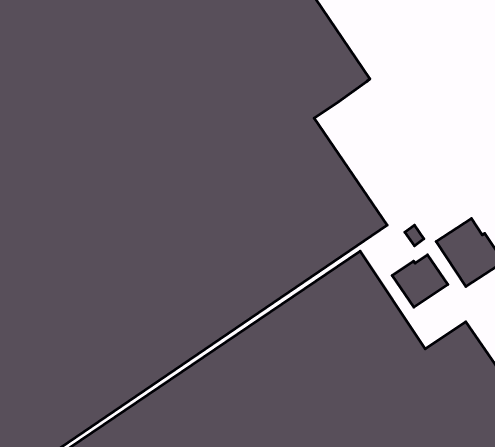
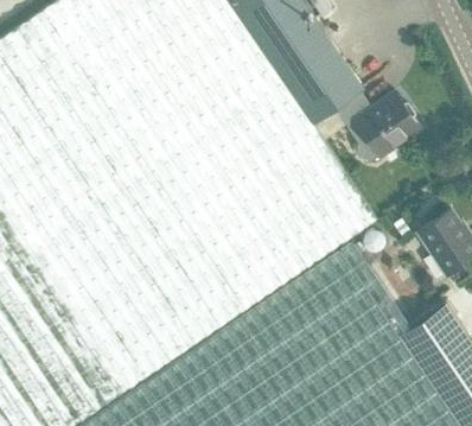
building: none -> [334,90,419,160]
building: [392,255,448,307] -> none

